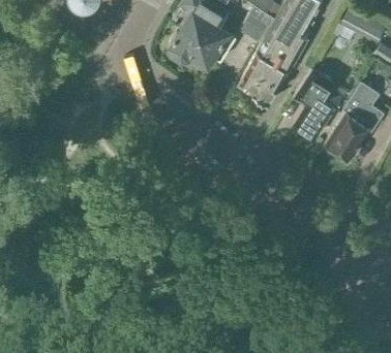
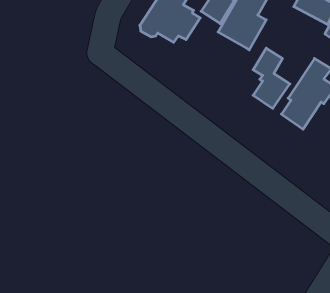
building: [239,53,288,104] -> none

